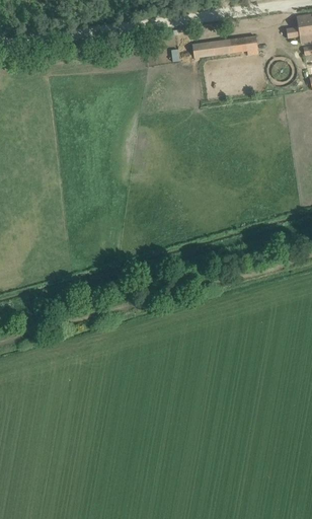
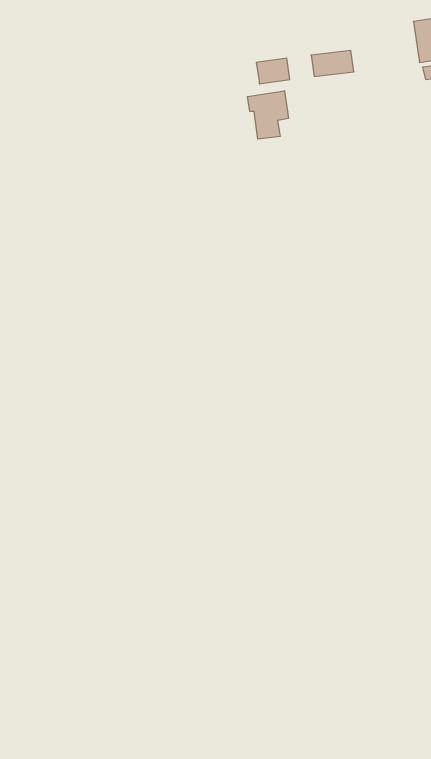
building: none -> [247,91,288,139]

